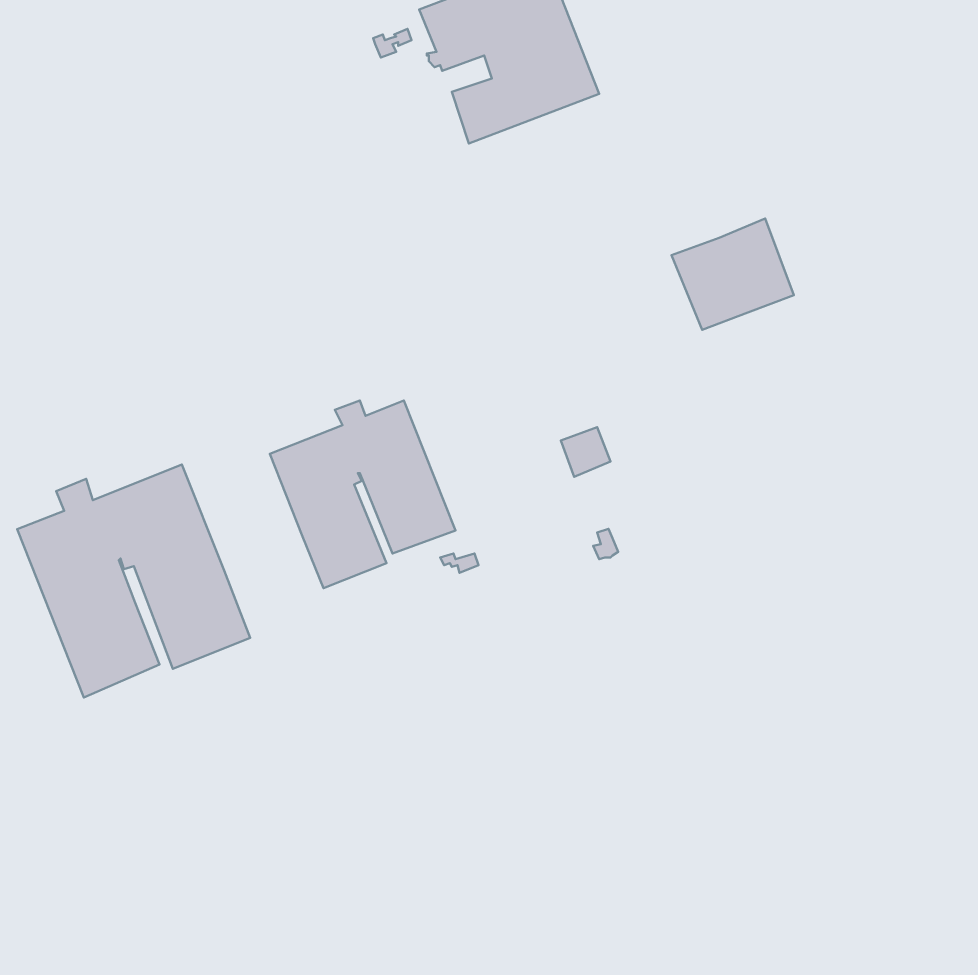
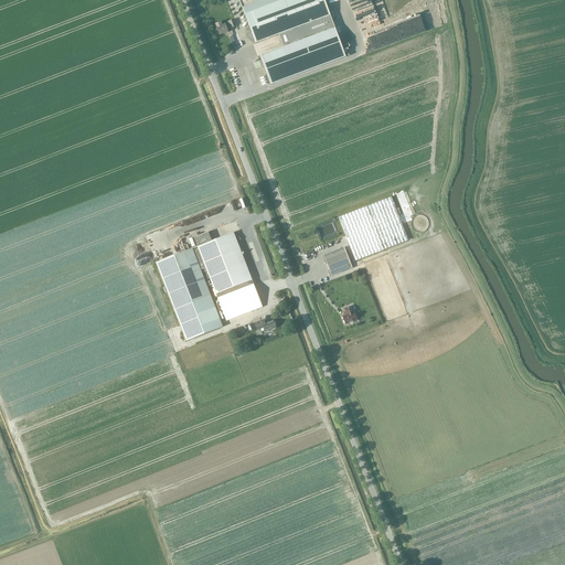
building: [671,219,794,330] -> [338,194,408,258]
building: [17,464,250,697] -> none

